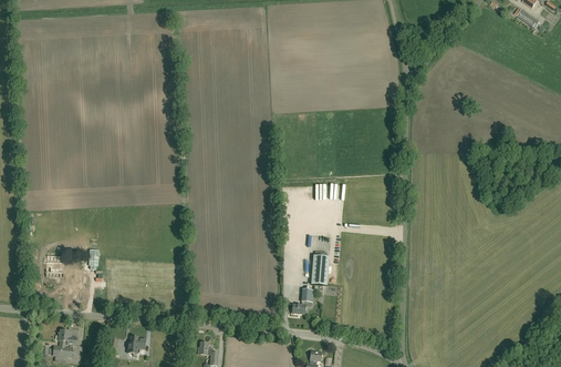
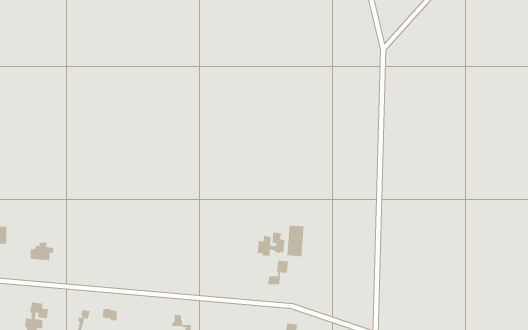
building: none -> [257,232,285,257]

